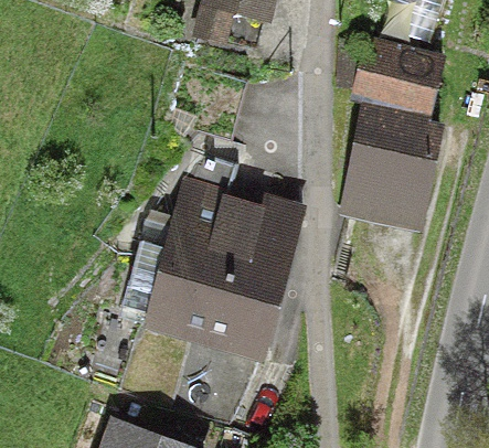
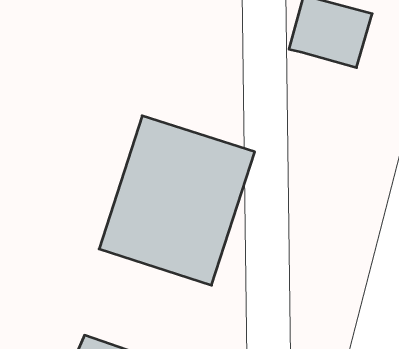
building: [334,104,444,232] -> none

